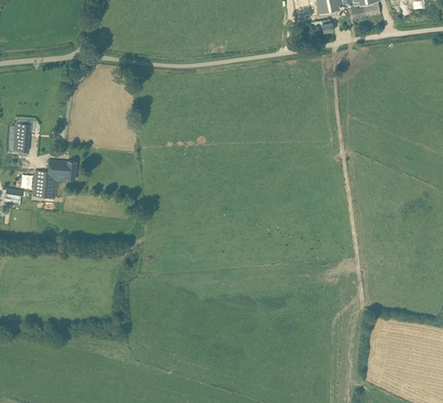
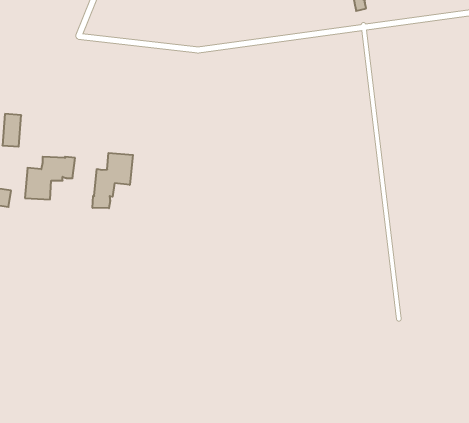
building: none -> [93,153,133,208]

